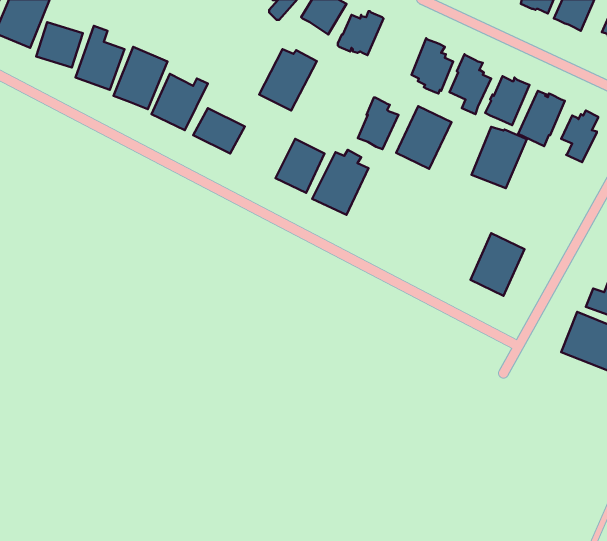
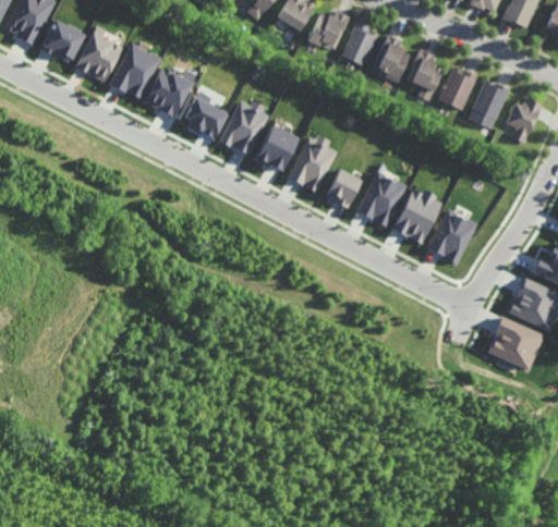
building: [259,49,317,110] -> [218,100,269,155]
building: [358,98,398,149] -> [343,21,379,66]
building: [396,106,451,169] -> [356,171,405,226]
building: [472,127,527,188] -> [392,188,441,243]
building: none -> [326,169,360,207]
building: none -> [486,317,542,369]

